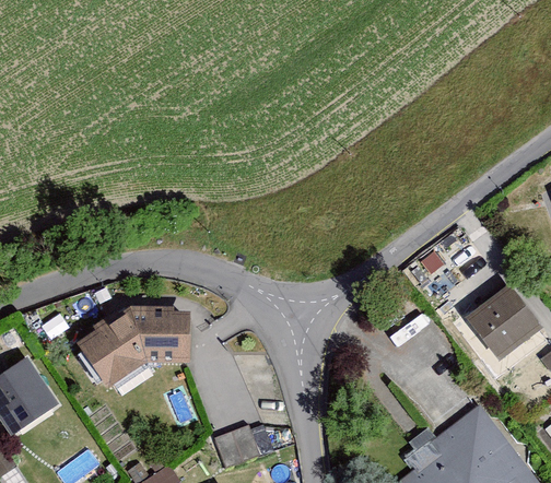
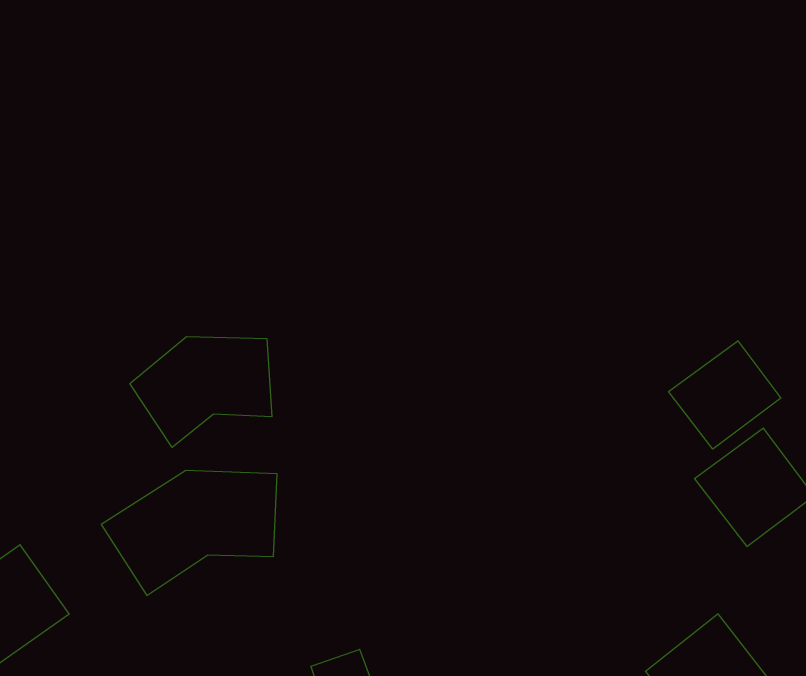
building: none -> [130,337,272,447]
building: none -> [669,341,781,449]

